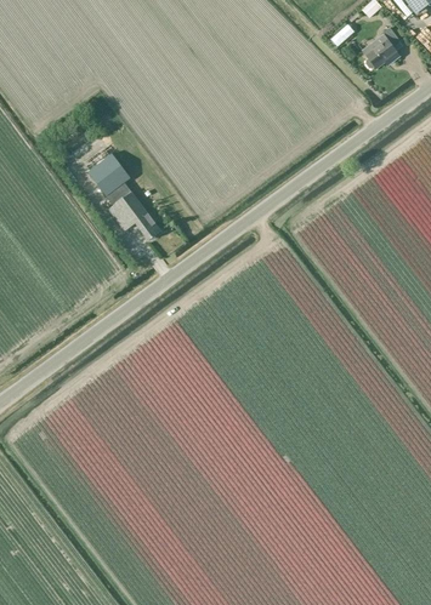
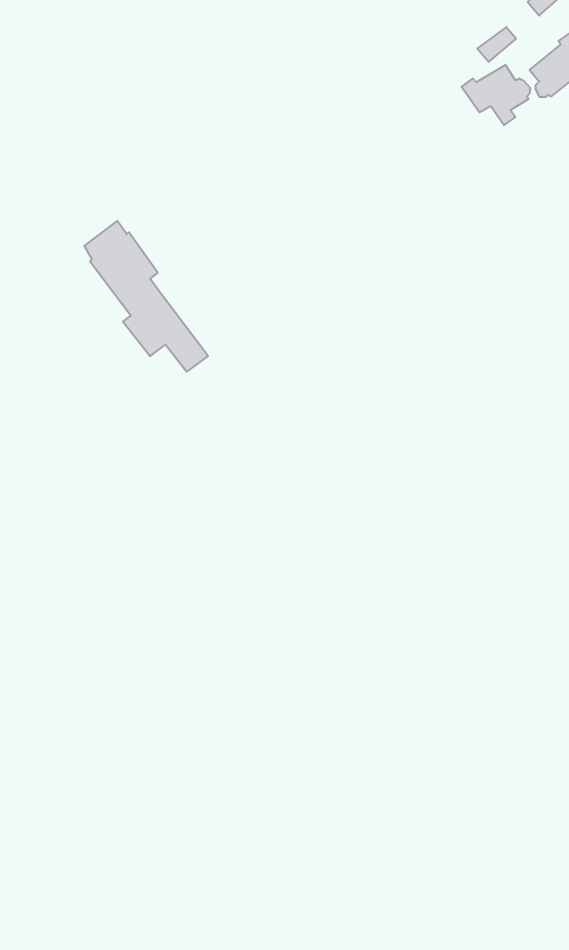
building: none -> [461,65,530,125]

